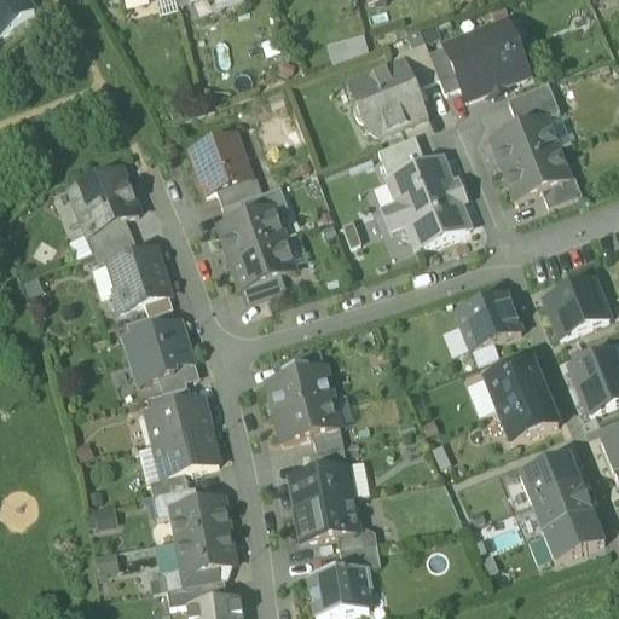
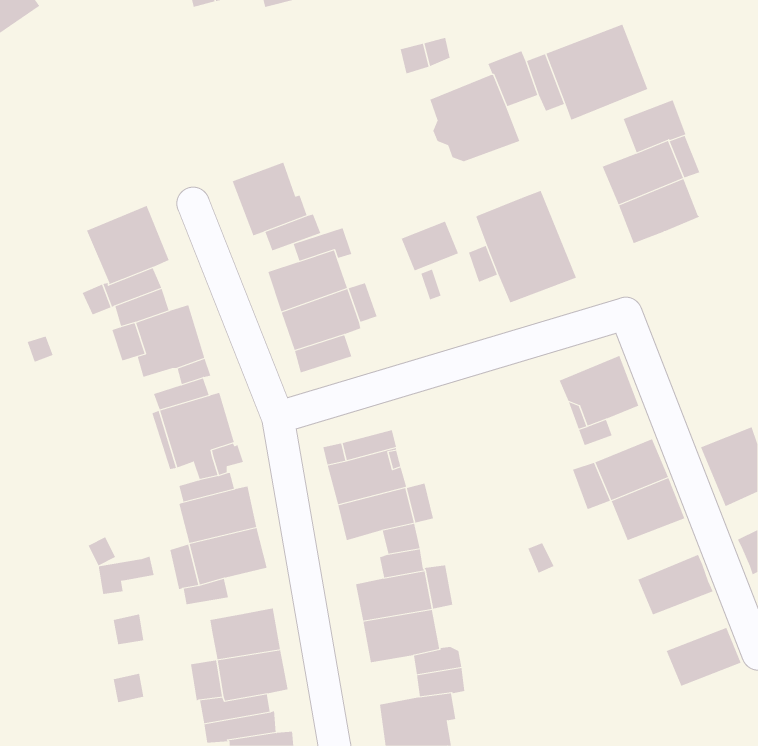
building: [377,134,424,175] -> [401,221,459,271]
building: [540,174,580,207] -> none
building: [543,277,608,337] -> none
building: [531,481,591,530] -> none
building: [151,484,197,515] -> [98,556,155,594]

